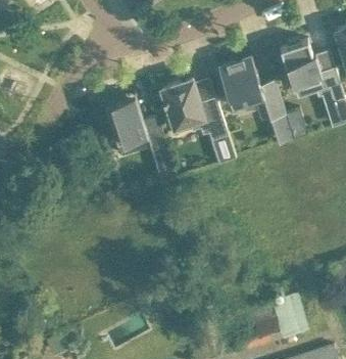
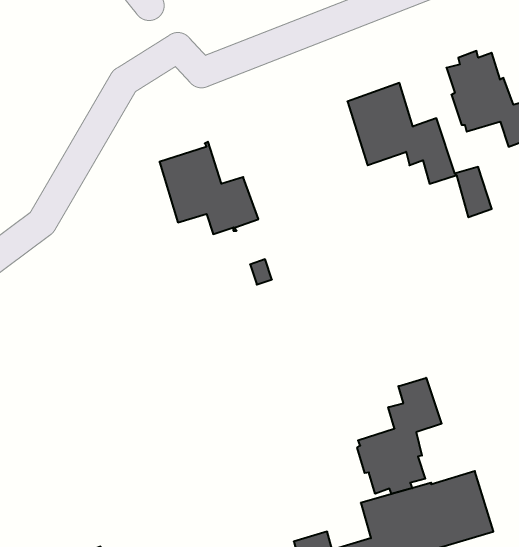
building: [161,79,236,167] -> none
building: none -> [357,378,442,494]

